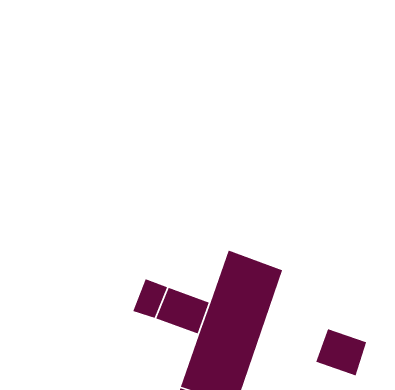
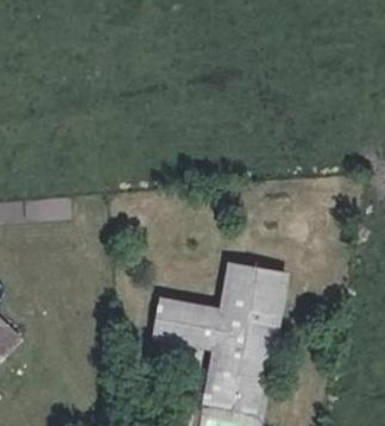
building: [315,328,367,376] -> none

